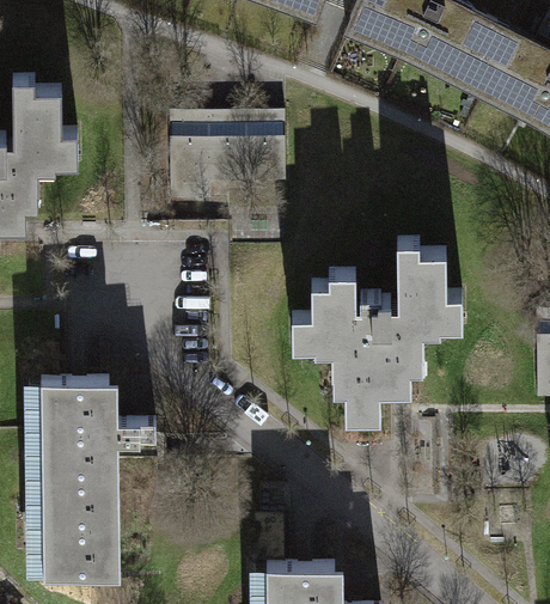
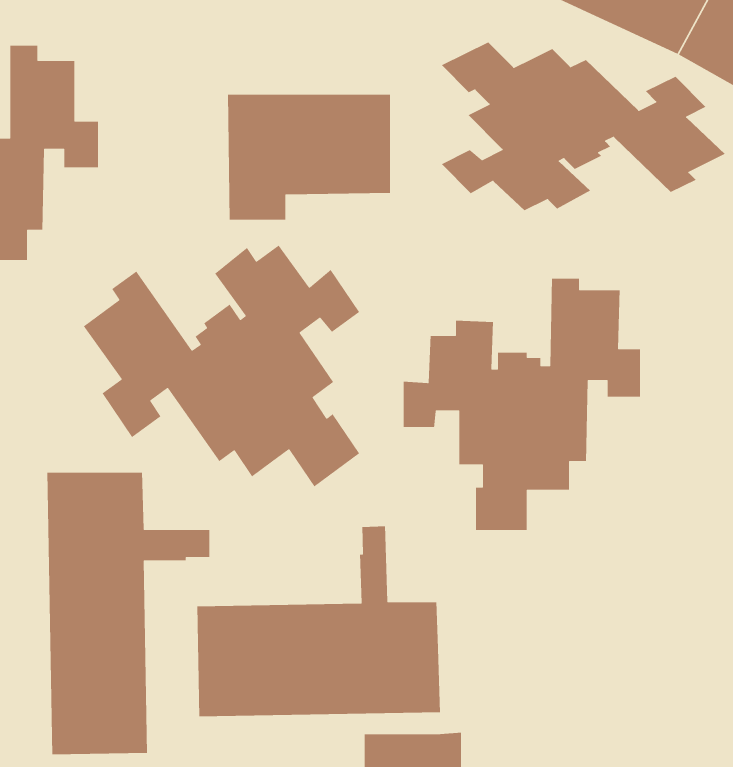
building: none -> [441,41,726,211]
building: none -> [83,244,360,487]
building: none -> [197,526,441,717]

